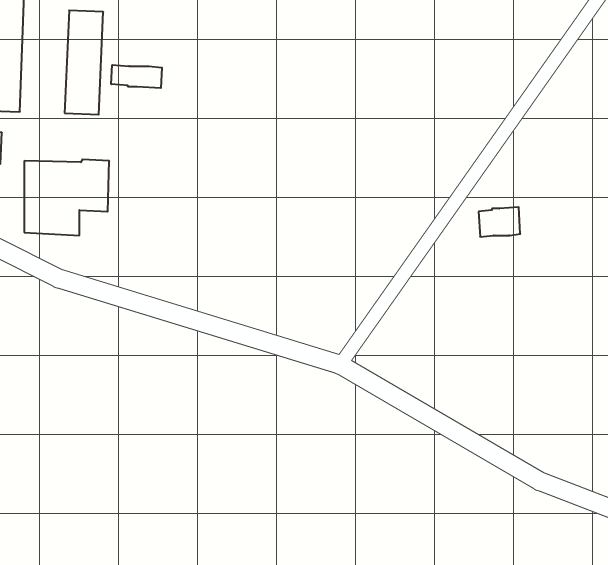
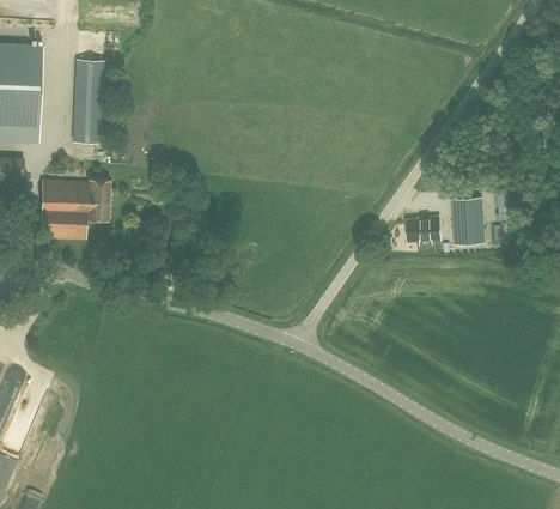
building: [111,65,162,88] -> none
building: none -> [452,196,482,243]

